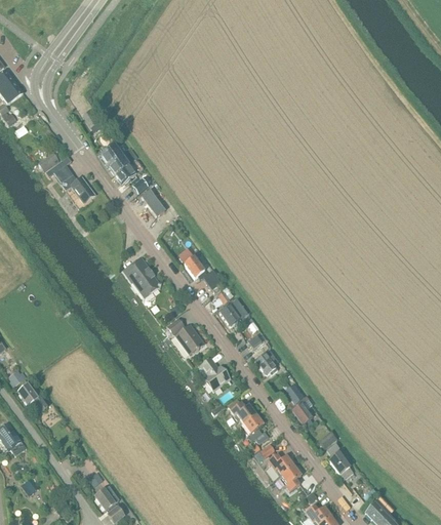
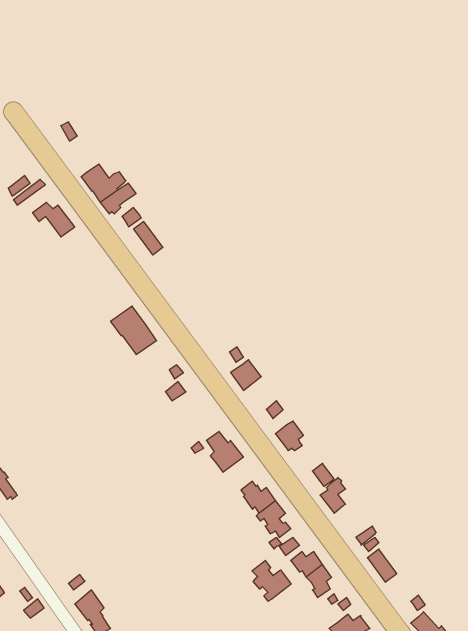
building: [177,247,221,288] -> none
building: [175,324,204,354] -> none
building: none -> [252,560,291,601]

